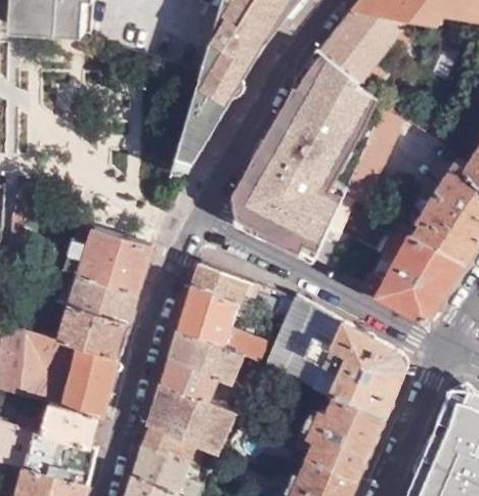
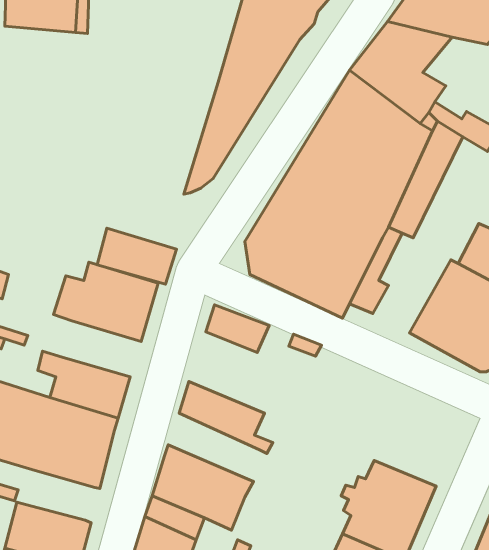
building: [72,275,138,322] -> [97,228,176,284]
building: [178,284,265,360] -> none
building: [264,296,406,414] -> none
building: [161,353,237,408] -> none
building: [41,401,99,443] -> none

